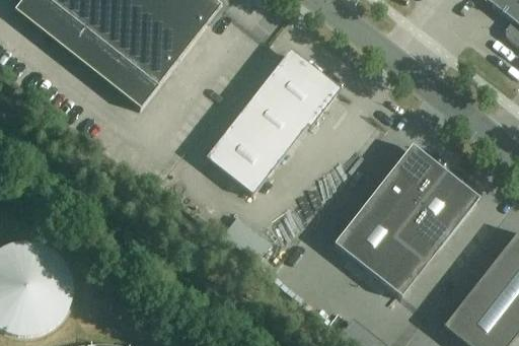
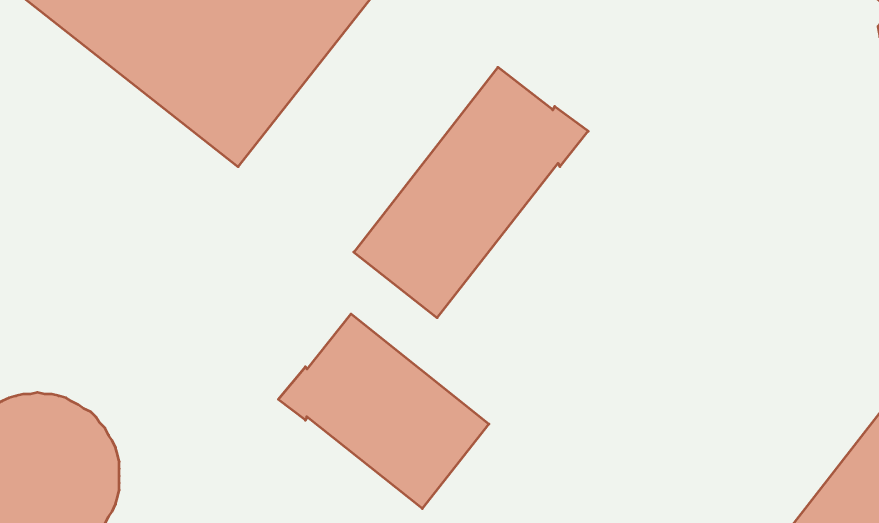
building: [333,146,475,295] -> none
building: none -> [278,314,489,509]

